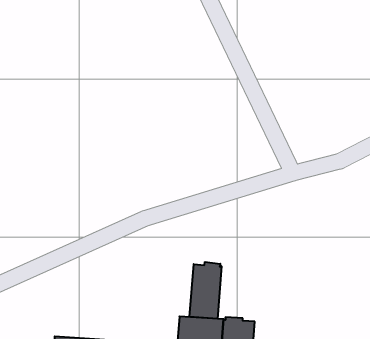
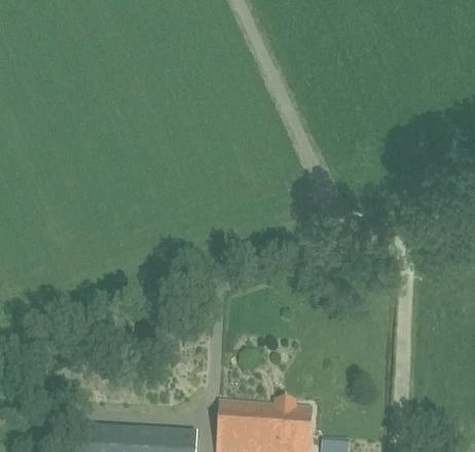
building: [190,262,221,319] -> none

